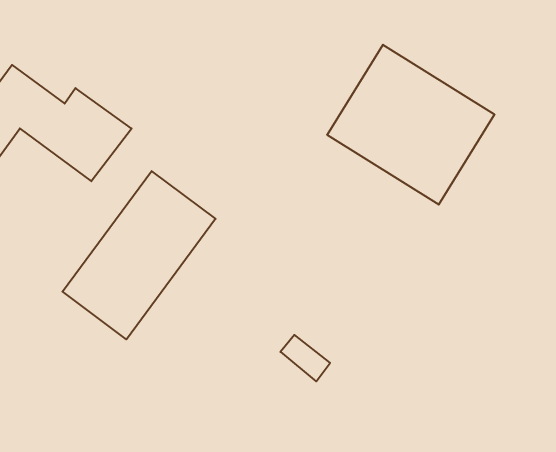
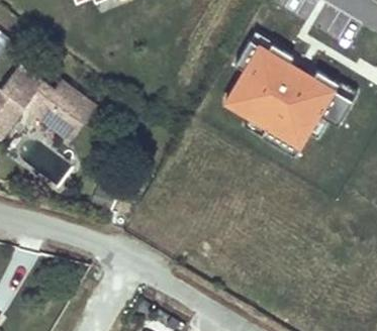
building: [62,171,216,339] -> none

